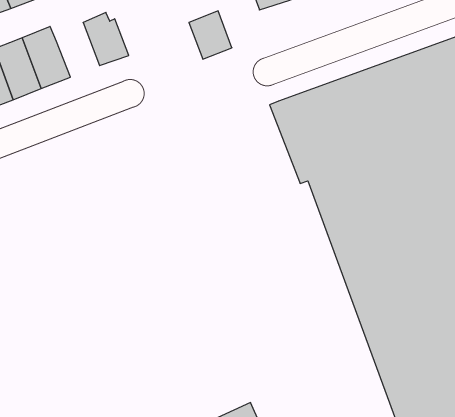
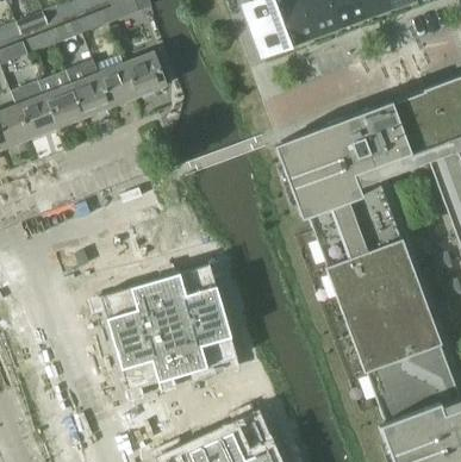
building: [189,11,232,59] -> [127,52,168,98]
building: none -> [67,60,113,118]
building: none -> [100,264,239,391]

